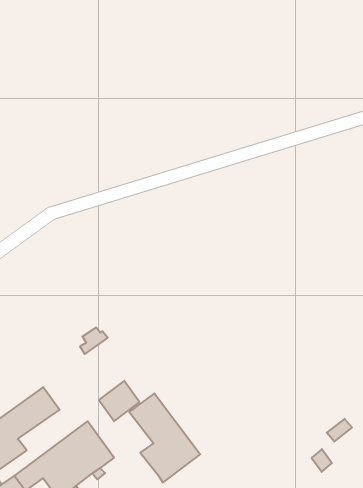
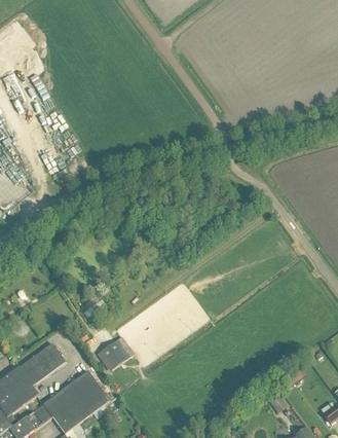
building: [129,393,200,483] -> none

